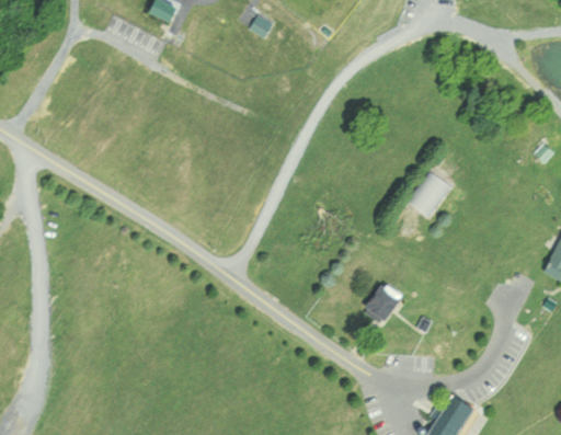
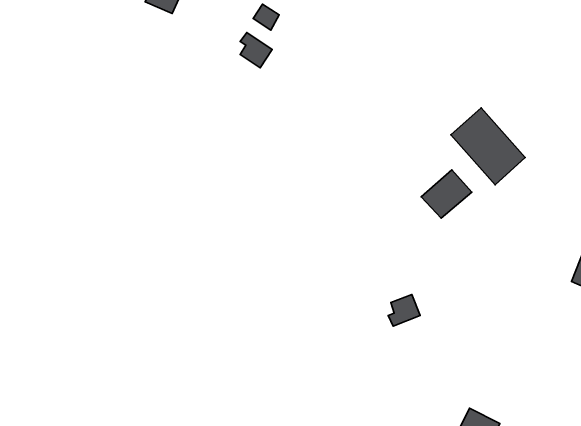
building: none -> [240,33,272,68]
building: none -> [451,108,525,185]

